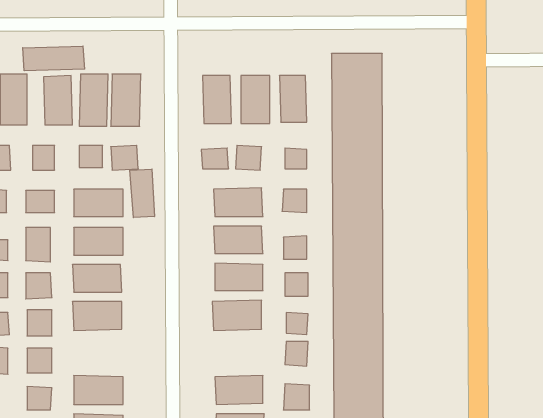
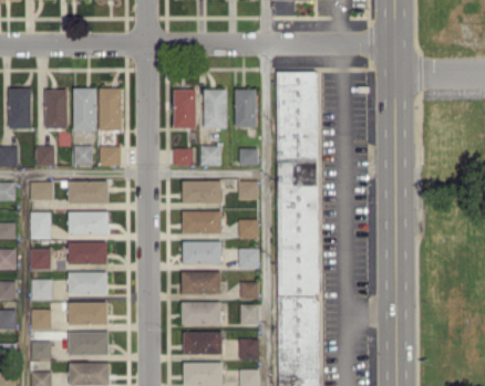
building: [23,46,85,71] -> none
building: [130,169,154,218] -> none
building: none -> [69,302,107,325]
building: none -> [182,302,220,325]

